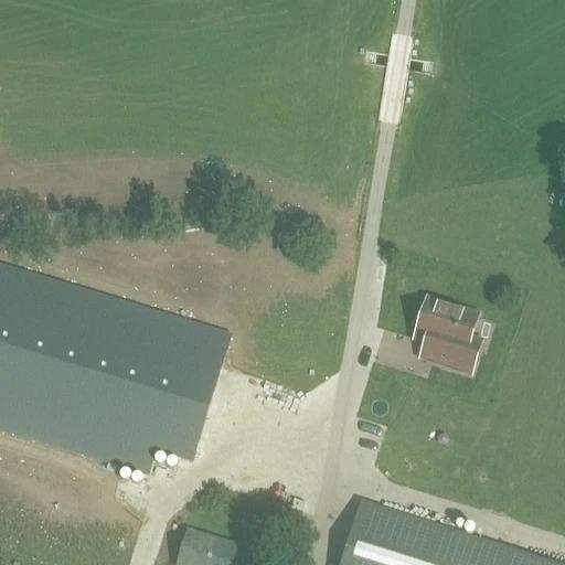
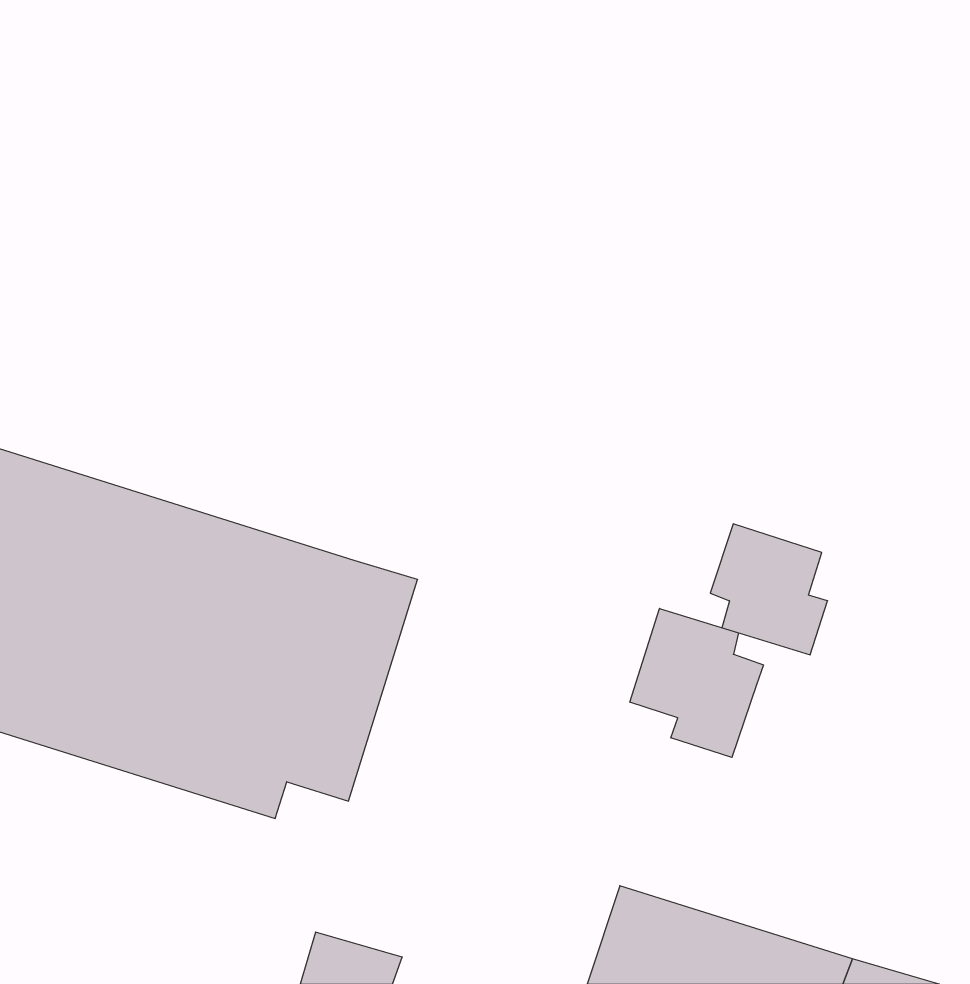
building: none -> [630,608,763,757]

